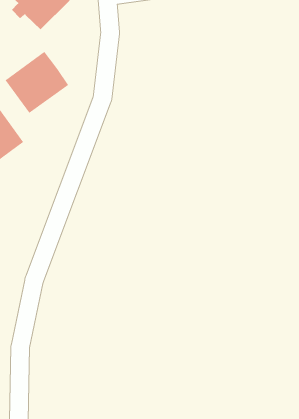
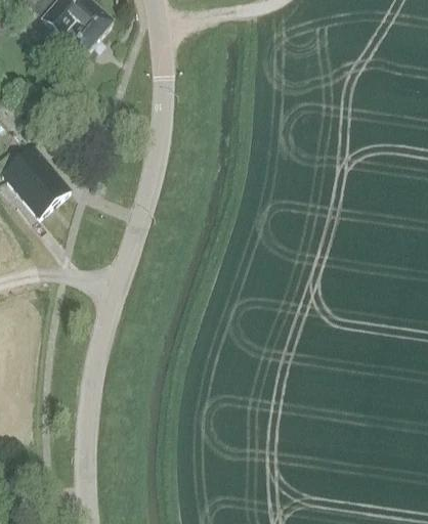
building: [5,51,69,114] -> none

